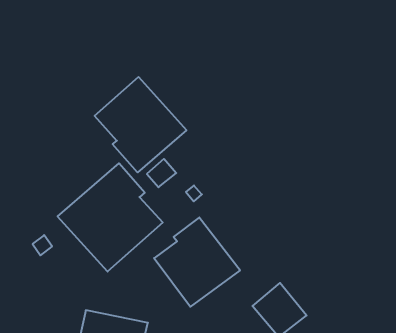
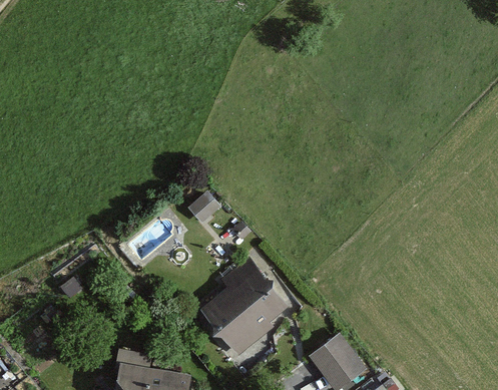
building: [95,77,186,172] -> none
building: [58,163,163,272] -> none

